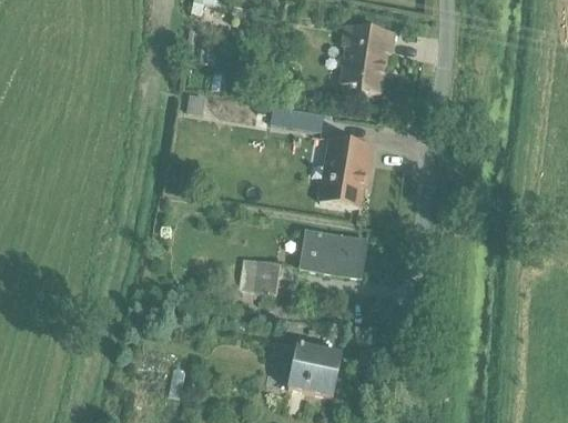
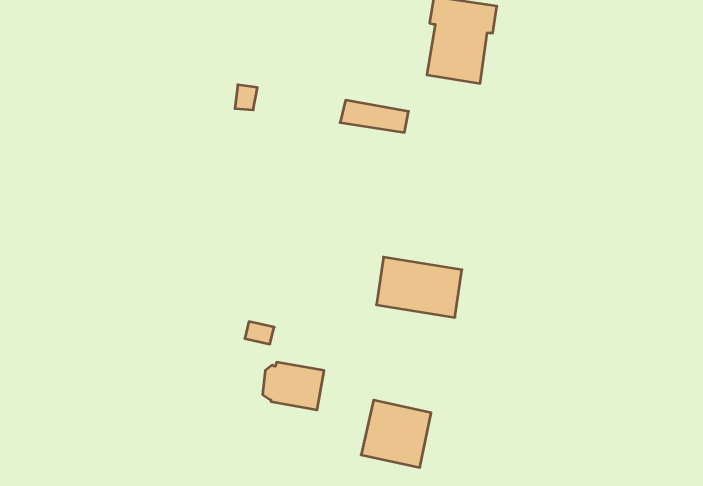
building: [318,137,373,207] -> none
building: [232,256,281,294] -> [263,362,324,410]

